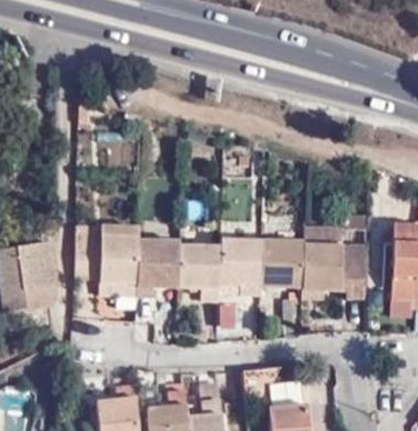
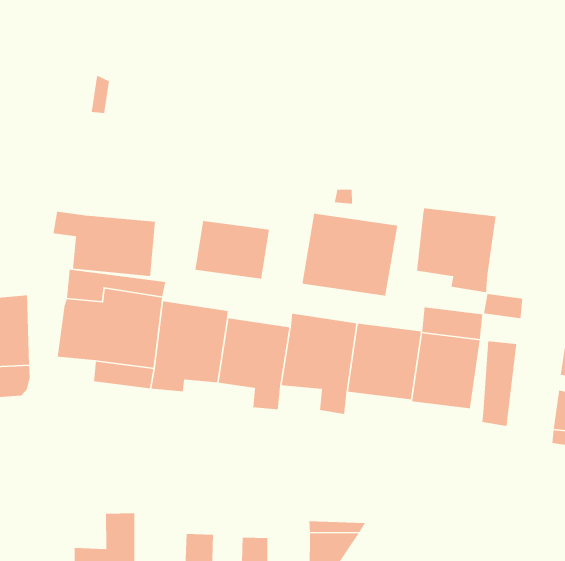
building: none -> [416,207,496,293]
building: none -> [301,213,398,297]
building: none -> [194,220,270,279]
building: none -> [53,211,156,277]

